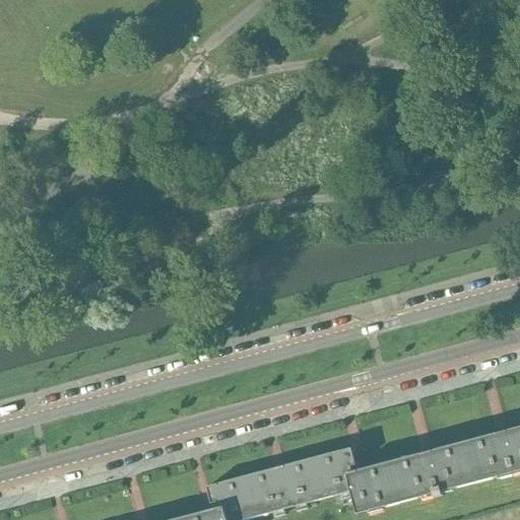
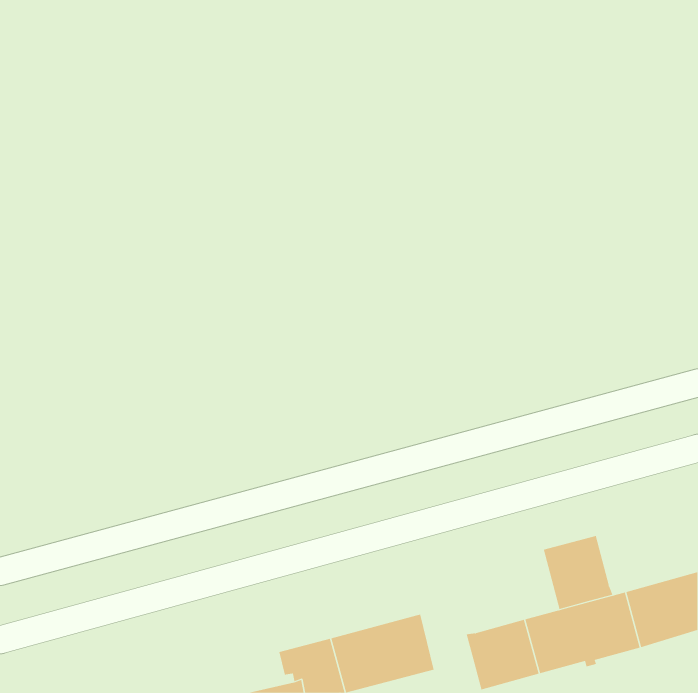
building: none -> [543,535,613,610]
building: [313,446,356,498] -> none

